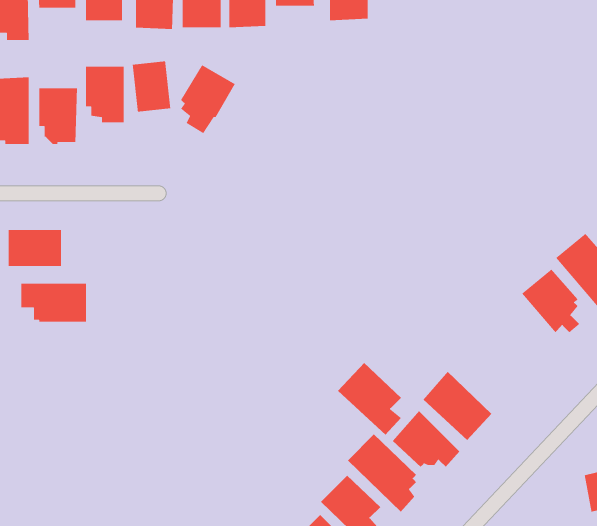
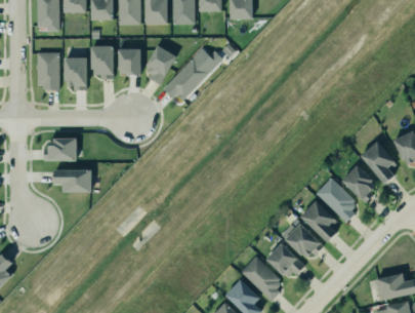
building: none -> [162,47,216,99]
building: none -> [316,177,357,223]
building: [337,362,402,436] -> [300,200,337,242]

